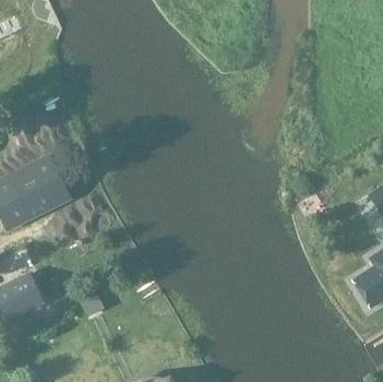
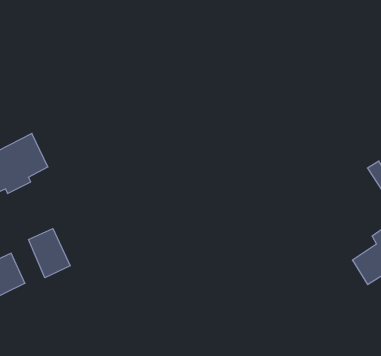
building: none -> [28,229,70,278]

